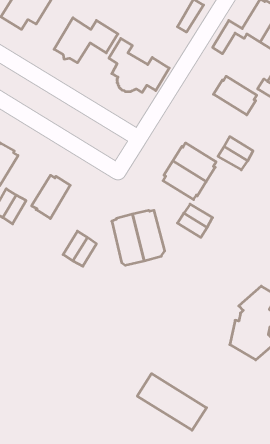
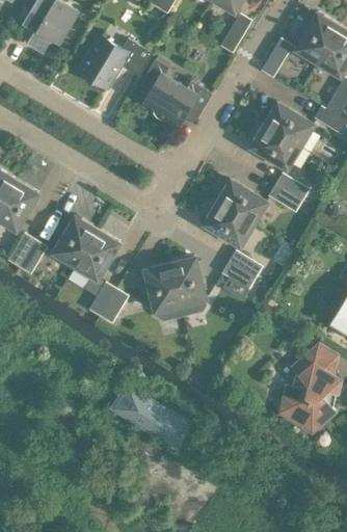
building: none -> [251,124,301,168]
building: none -> [75,229,118,278]
building: [137,374,207,430] -> [111,383,191,449]

